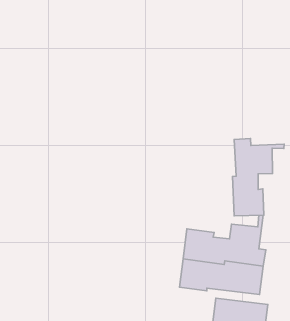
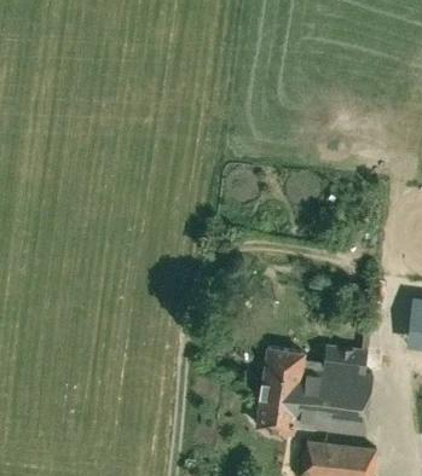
building: [233,138,284,216] -> none

